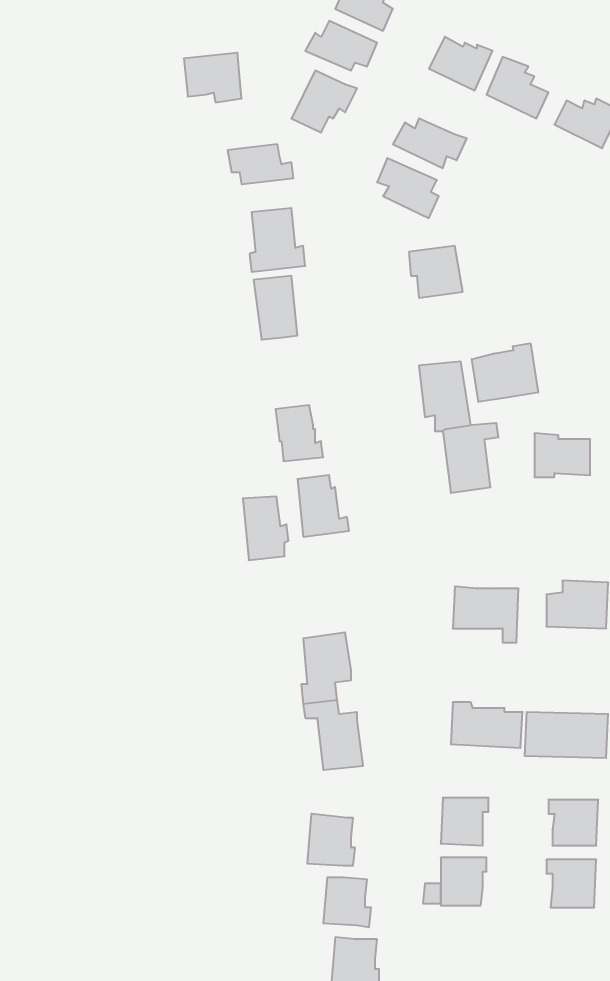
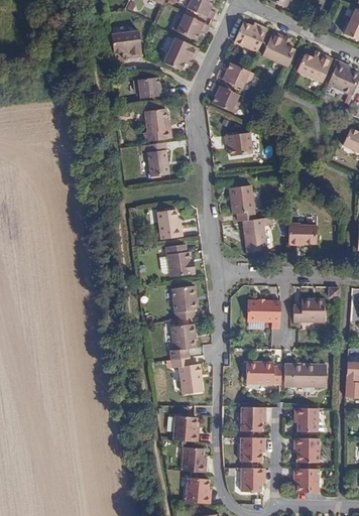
building: [472,343,538,402] -> none
building: [243,497,289,560] -> [173,287,197,319]
building: none -> [240,468,264,492]
building: none -> [294,469,319,493]

